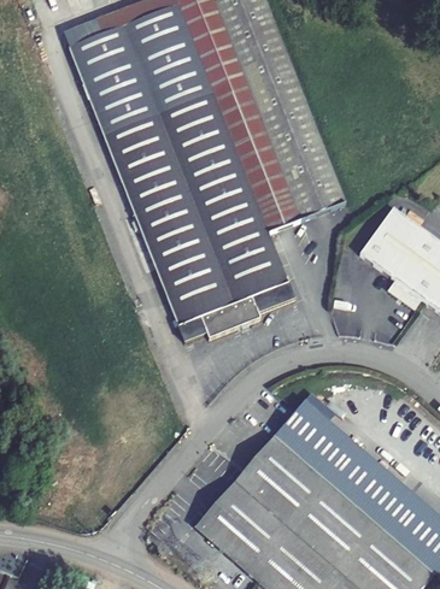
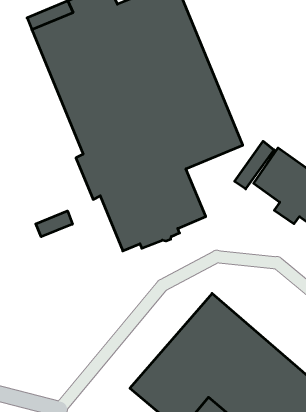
building: none -> [235,141,274,189]
building: none -> [36,211,72,237]

